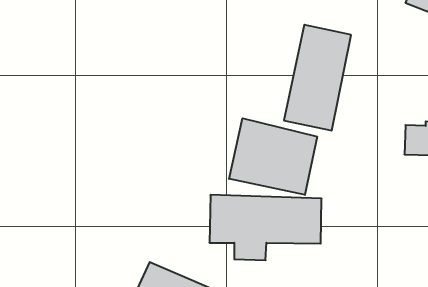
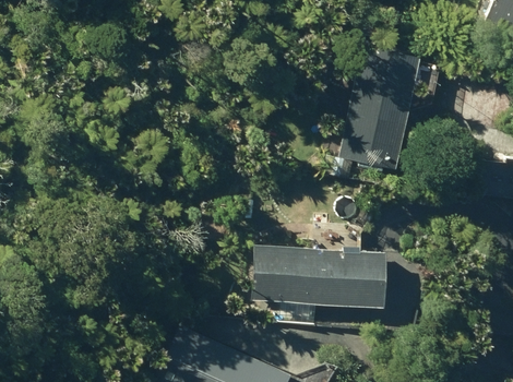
building: [229,118,317,195] -> none

